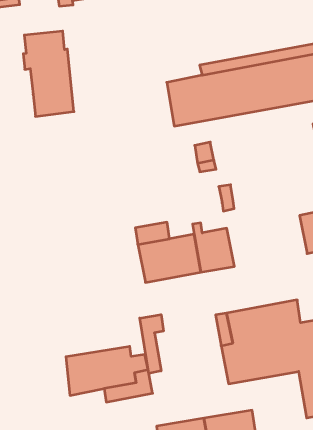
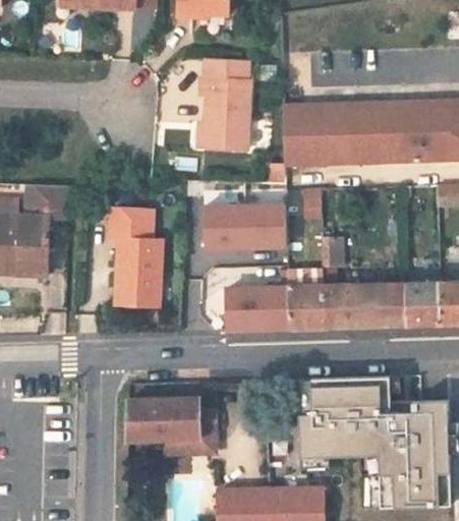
building: [23,31,74,116] -> [195,58,245,150]
building: none -> [204,206,287,249]
building: none -> [107,209,160,307]
building: none -> [325,284,408,329]
building: [140,315,163,374] -> none

